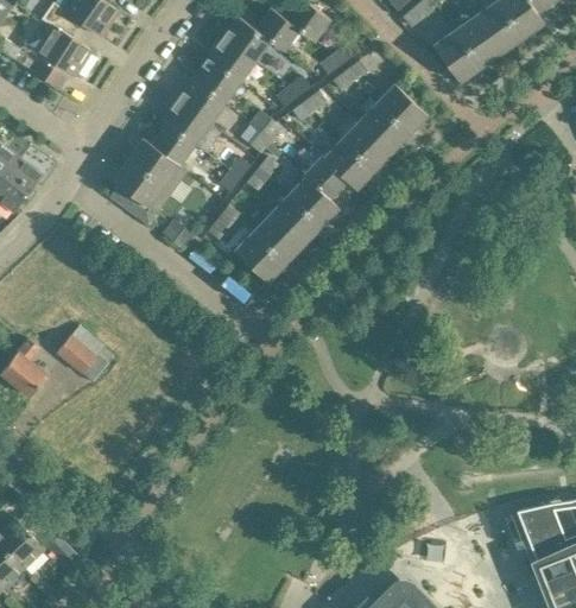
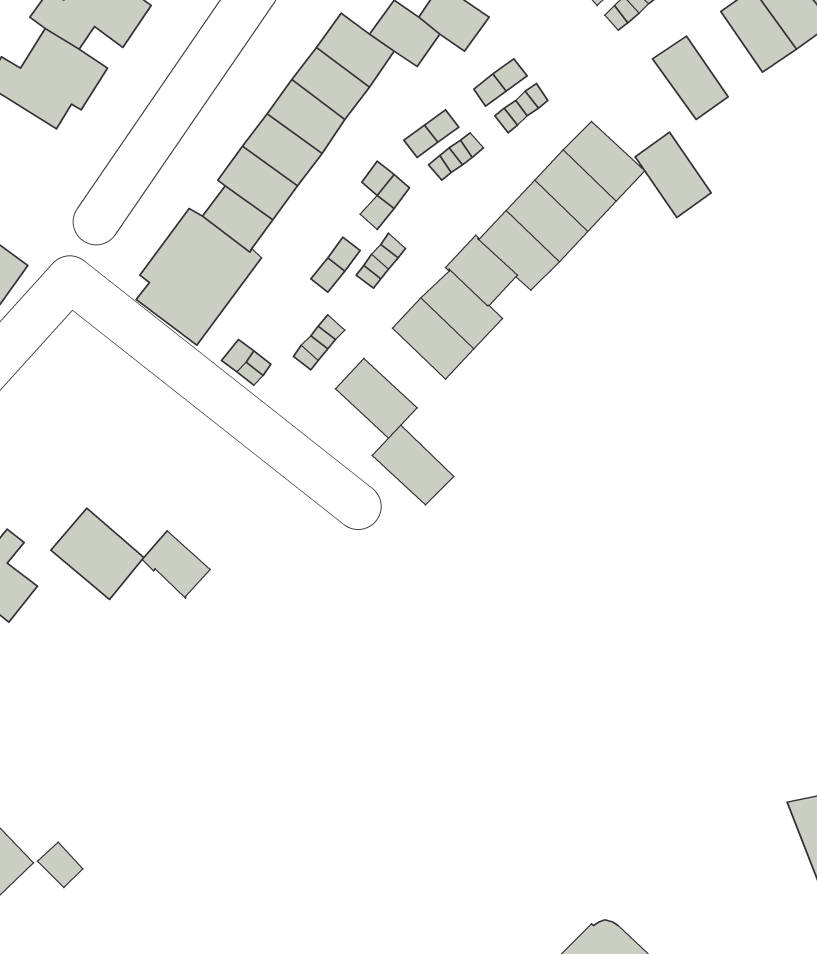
building: [454,15,501,69] -> [635,132,711,217]
building: [252,214,303,264] -> [372,425,454,505]
building: none -> [142,531,210,598]

